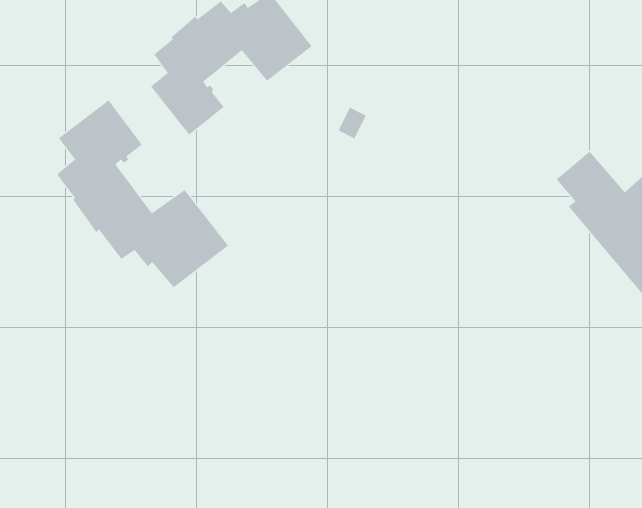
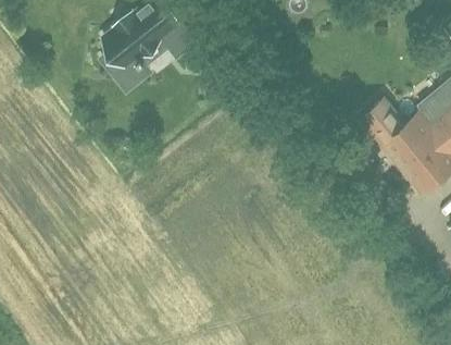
building: [57,99,229,288] -> none

